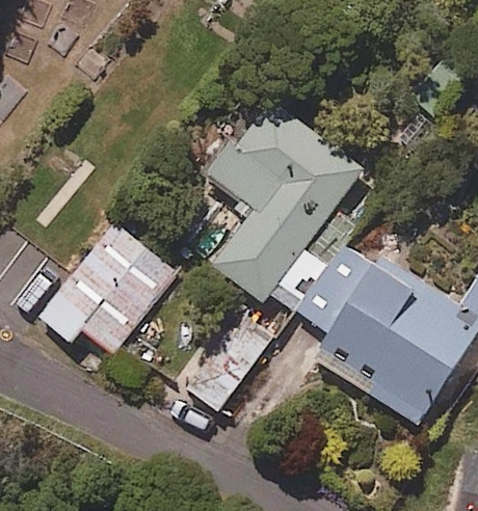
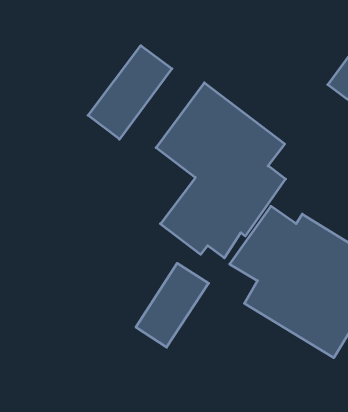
building: none -> [88,46,172,139]
building: [35,222,174,352] -> none

